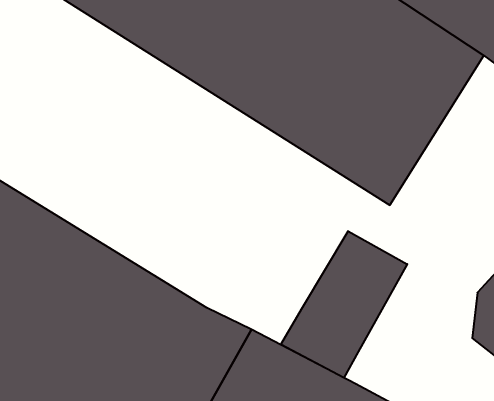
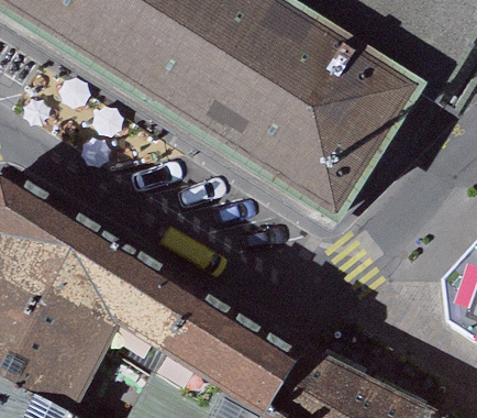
building: [281,231,407,378] -> none

